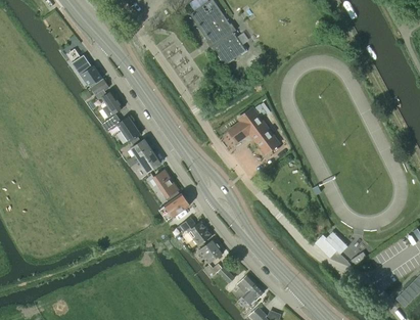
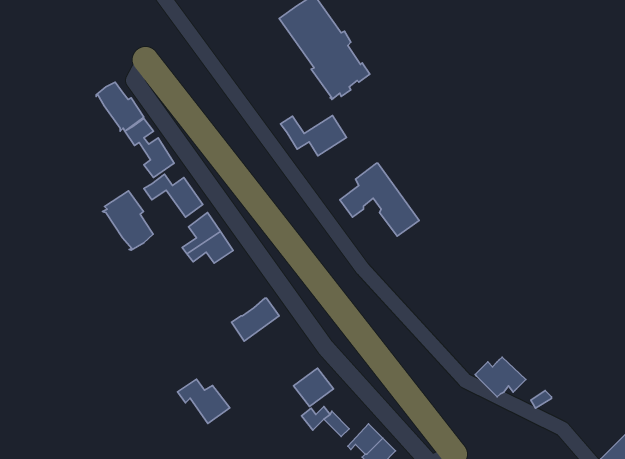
building: none -> [281,115,346,156]
building: none -> [102,191,153,250]
building: [153,170,180,205] -> none
building: [178,218,212,246] -> [177,379,230,424]

